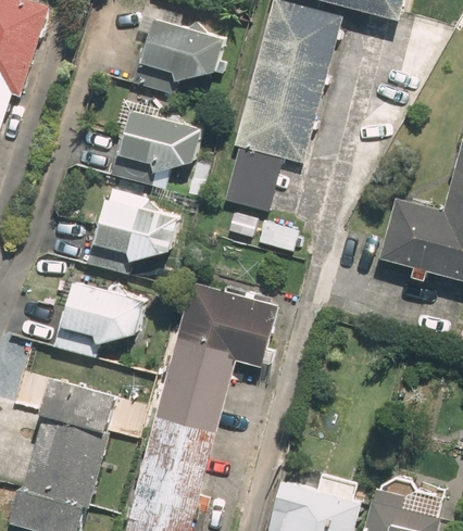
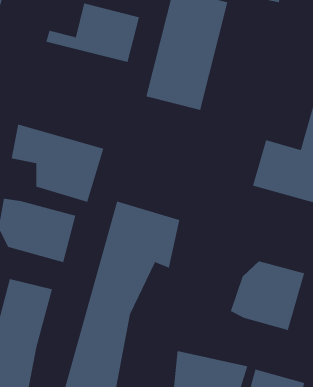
building: [78,110,197,190] -> none
building: [223,149,283,213] -> none
building: none -> [230,260,305,331]

